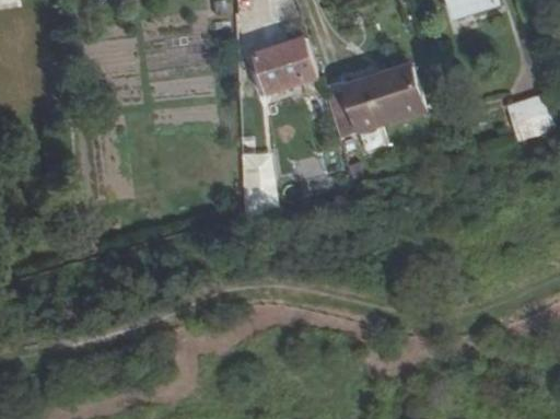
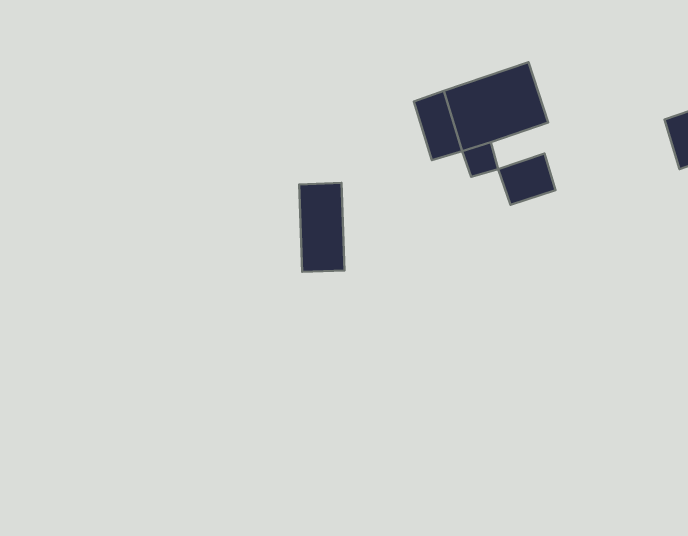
building: [257,39,320,93] -> none
building: none -> [498,154,556,205]

